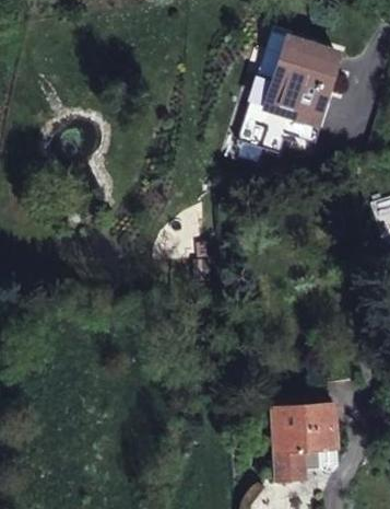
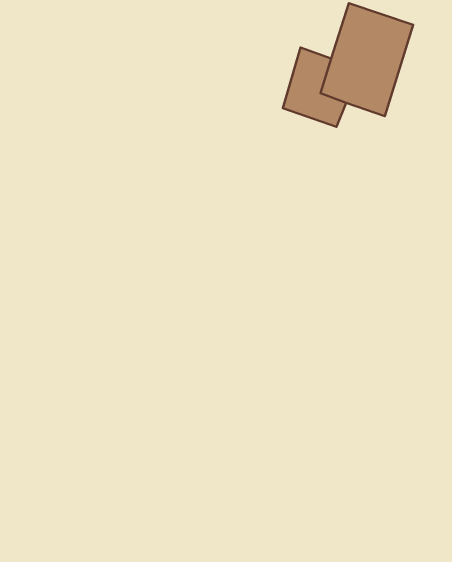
building: [273,400,338,482] -> none

